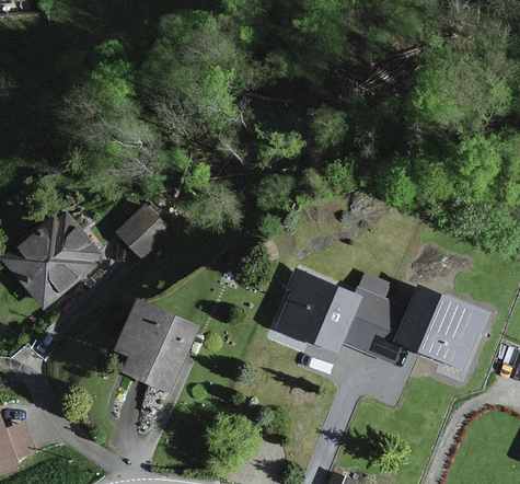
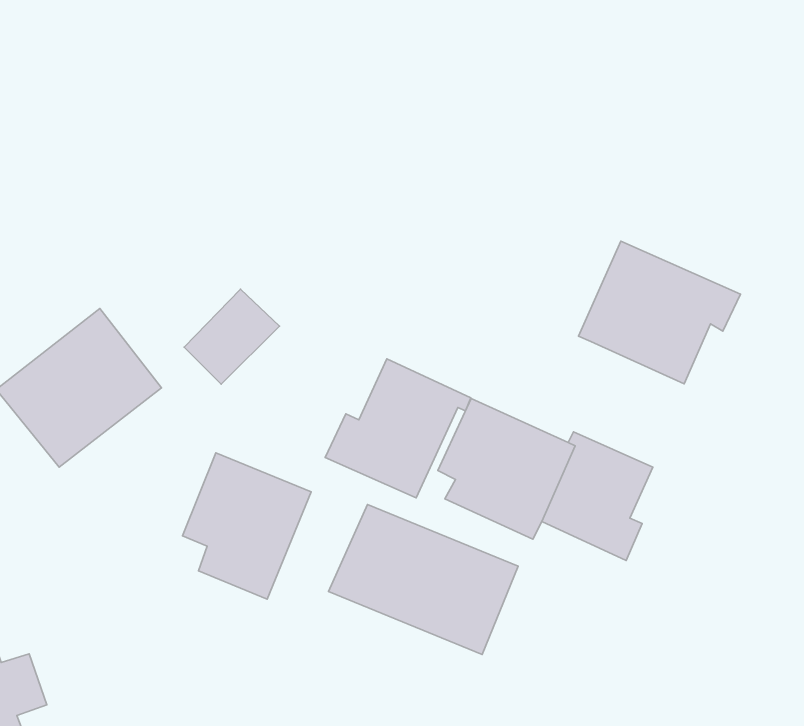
building: none -> [325,359,471,498]
building: [395,281,496,370] -> [578,241,740,384]
building: none -> [328,505,518,654]

